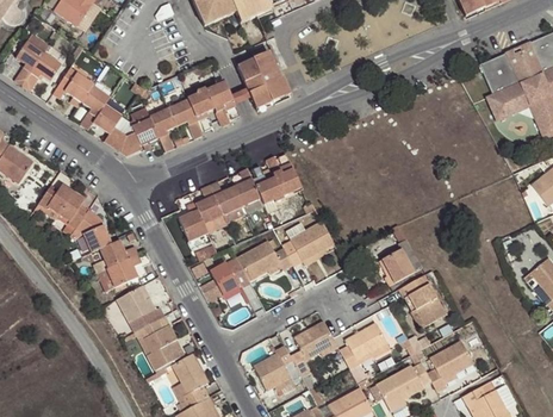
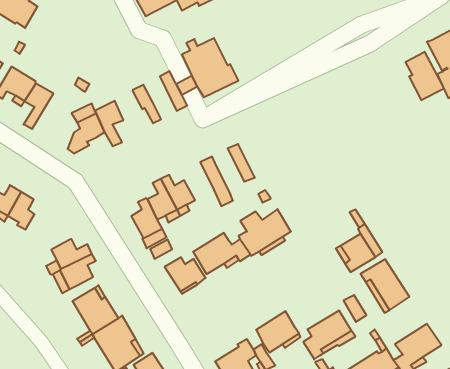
building: none -> [406,52,444,100]
building: [197,85,230,125] -> none
building: [169,98,203,137] -> none
building: [92,102,128,150] -> none
building: [263,156,291,203] -> none
building: [232,169,261,207] -> none
building: [75,207,111,251] -> none

